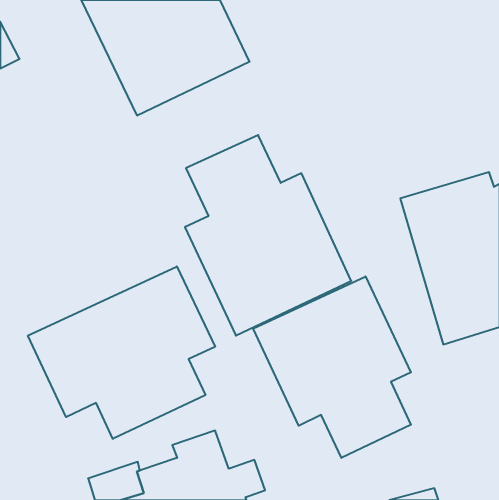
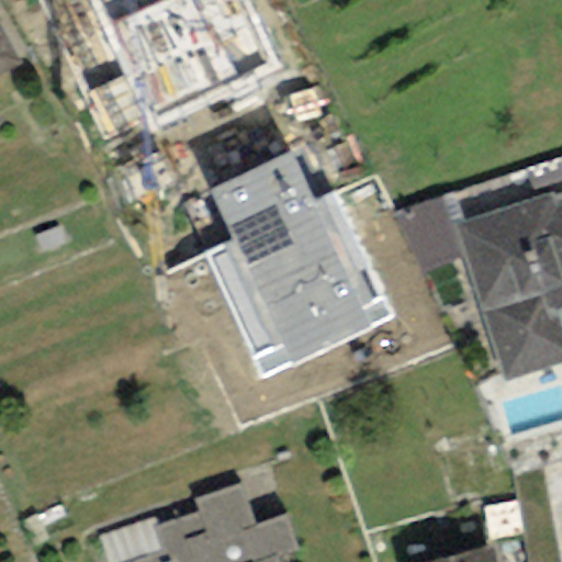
building: [28,266,215,439] -> none
building: [253,276,411,458] -> none

